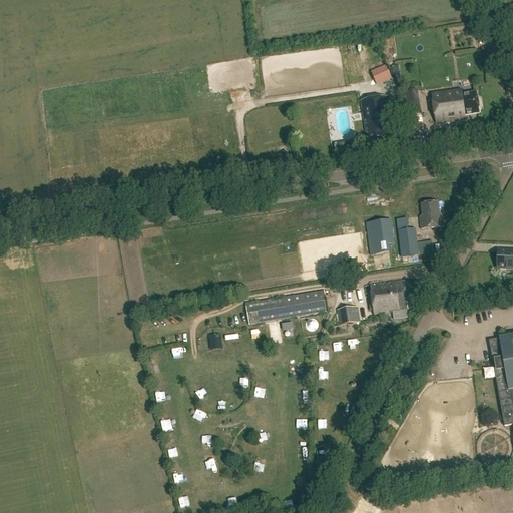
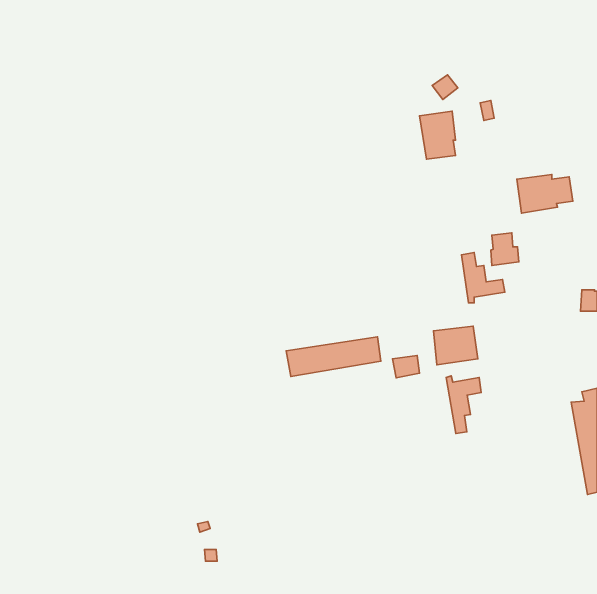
building: [431,89,479,122] -> [517,174,573,213]
building: [366,217,395,253] -> none
building: none -> [446,376,481,433]

